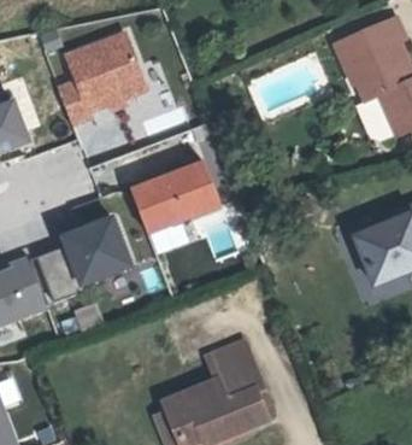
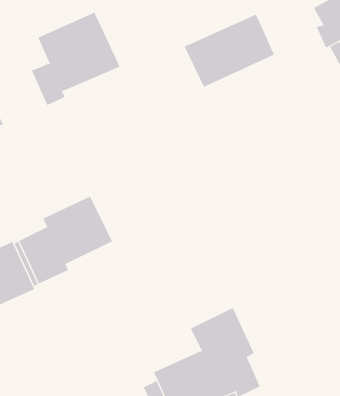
building: [130,162,220,232] -> [184,14,275,88]

